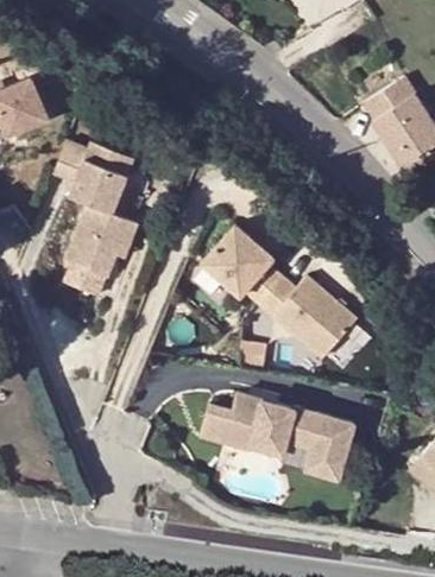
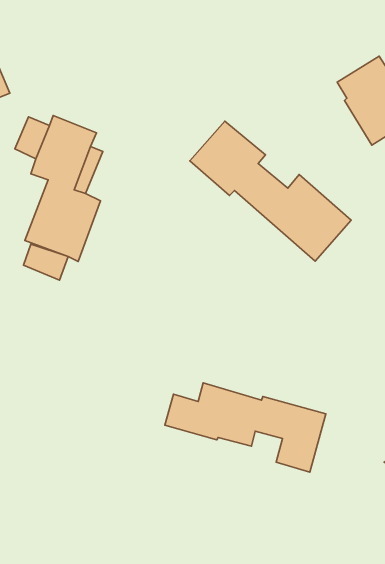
building: [201,224,355,359] -> [190,121,351,261]

